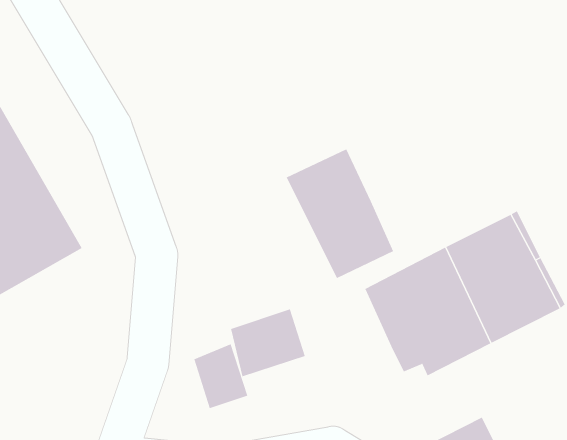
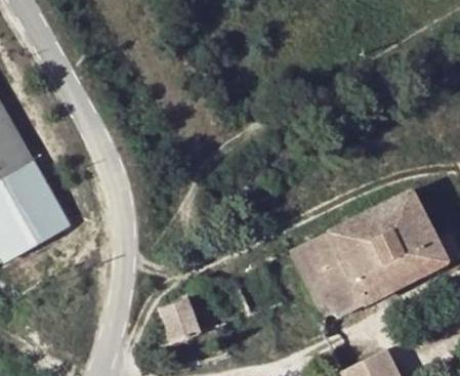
building: [286,149,394,279] -> none
building: [230,309,305,377] -> none

